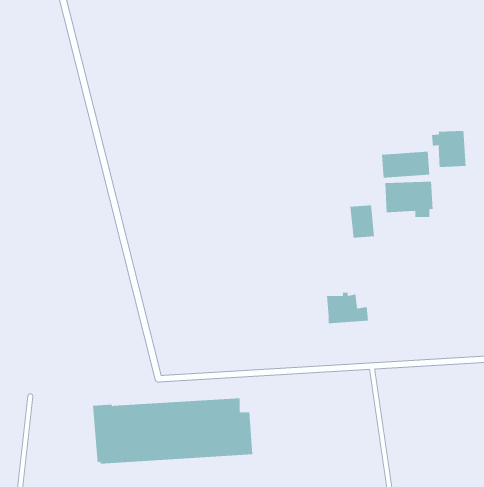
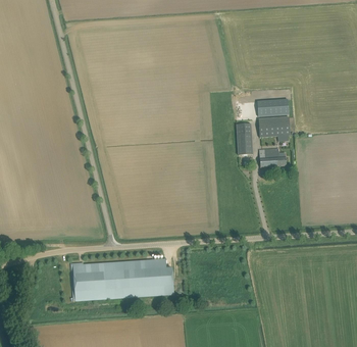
building: [431,130,466,168] -> none
building: [326,292,369,324] -> [259,146,287,166]

